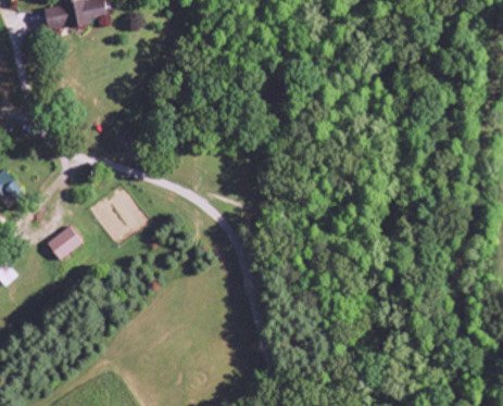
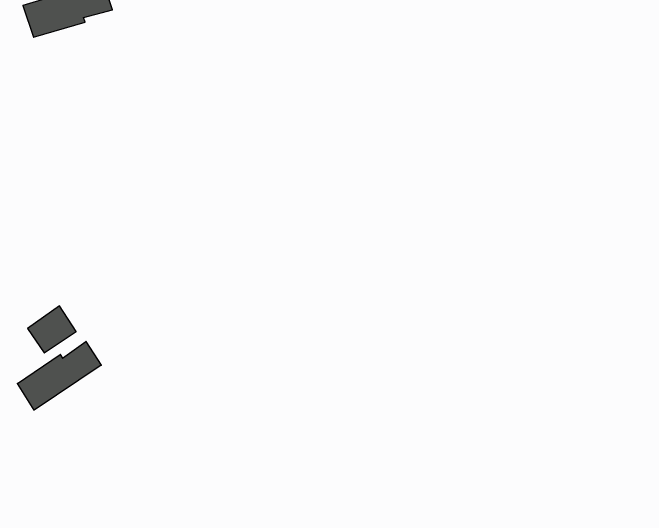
building: none -> [17,341,101,410]

